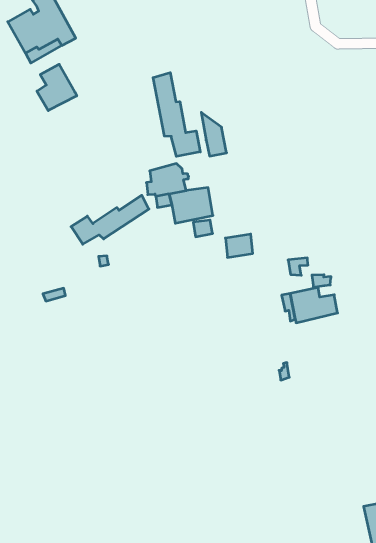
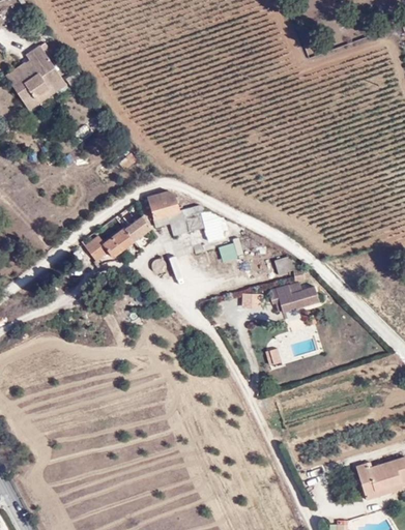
building: [37,64,77,111] -> none
building: [153,73,200,156] -> none
building: [201,112,227,156] -> [196,204,221,241]

